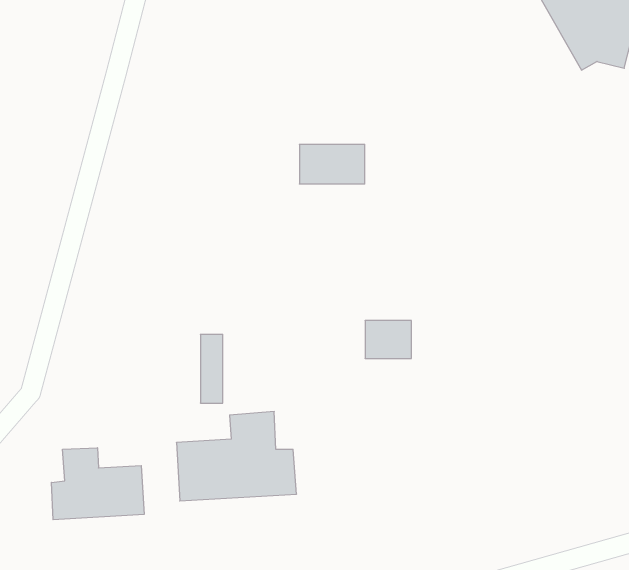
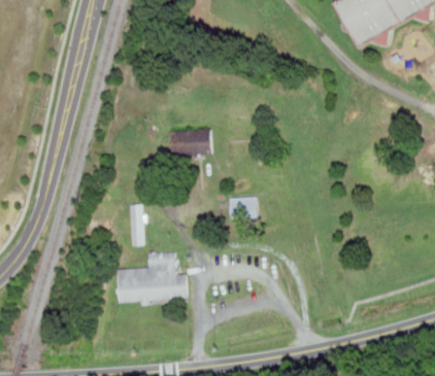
building: [299,144,365,184] -> [172,131,211,155]
building: [51,448,144,520] -> none

